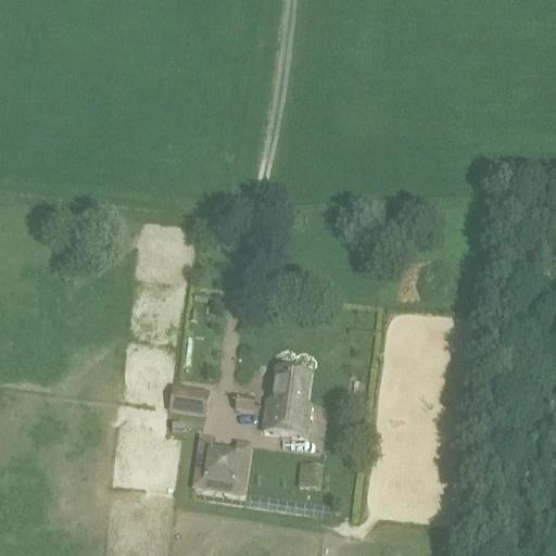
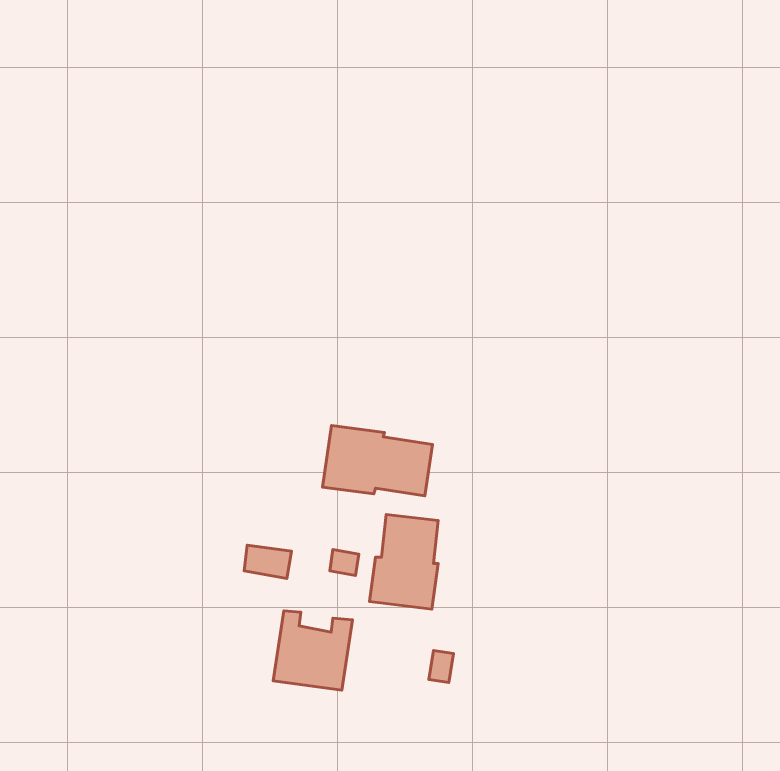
building: none -> [322,426,433,496]

